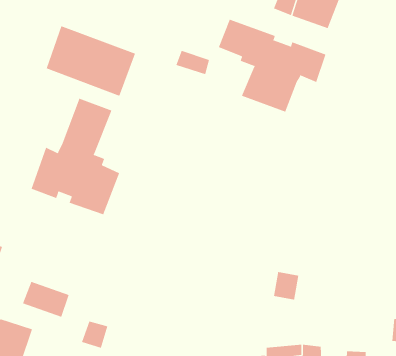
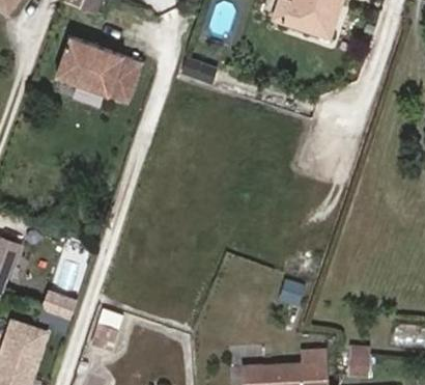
building: [218,19,326,113] -> none
building: [31,98,120,215] -> none

